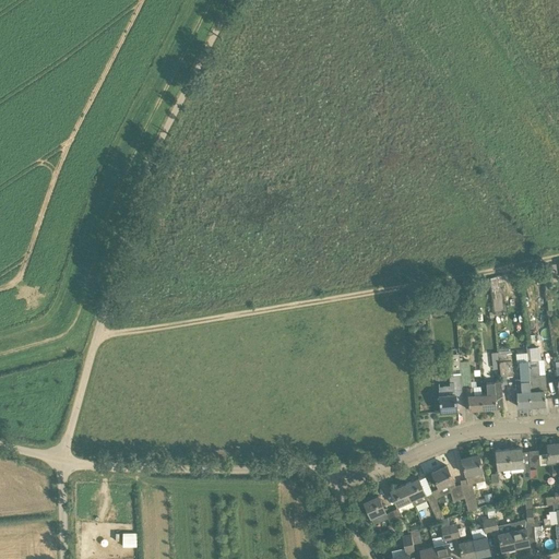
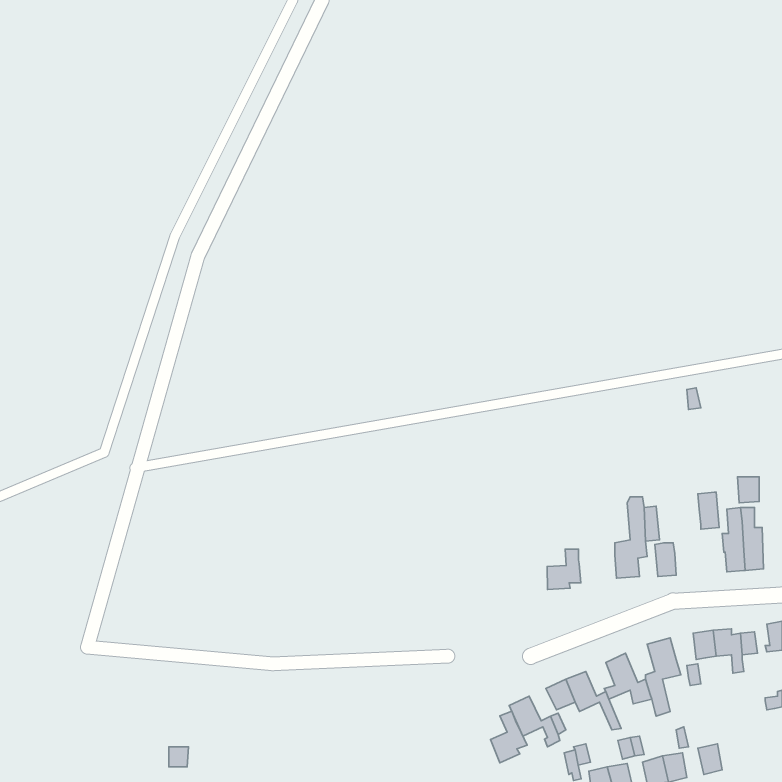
building: [480,382,501,411] -> none
building: none -> [547,549,581,590]
building: [511,500,533,549] -> none
building: none -> [490,711,527,763]

